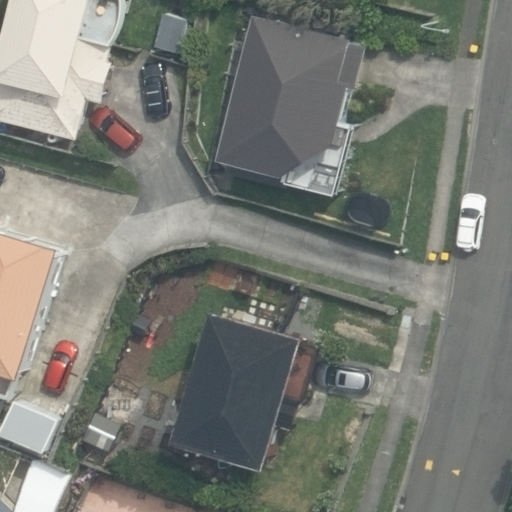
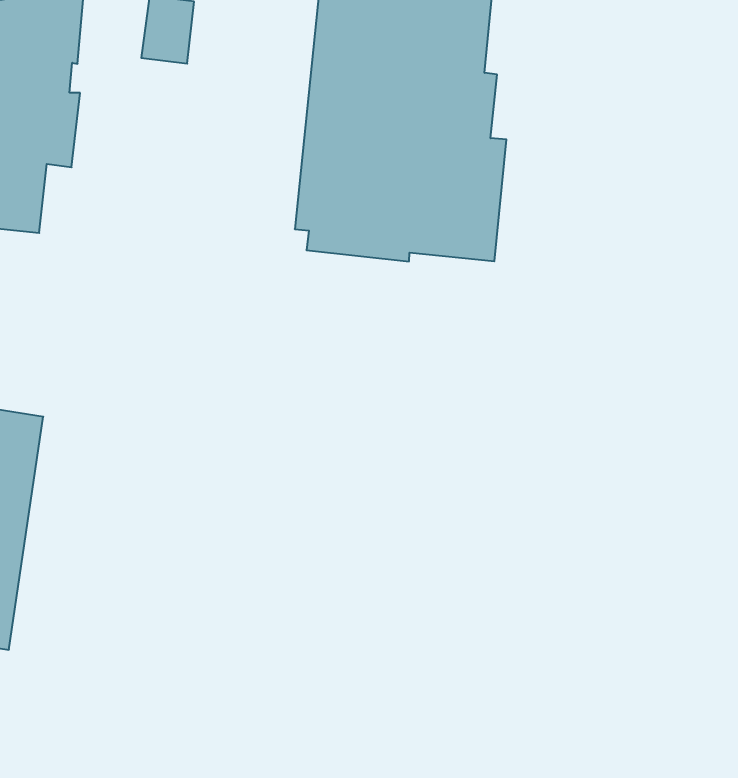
building: [176,310,304,467] -> none

